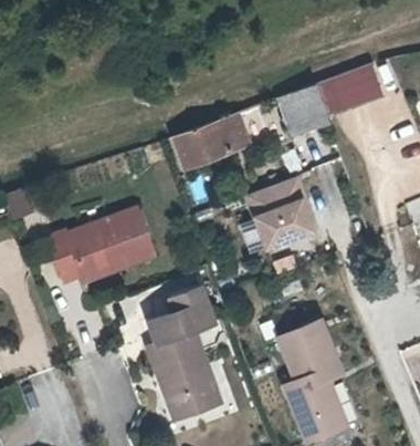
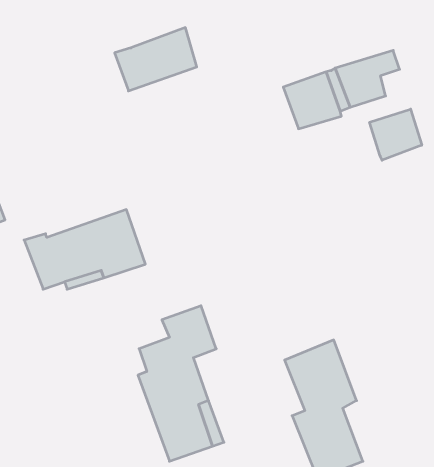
building: [174,112,245,167] -> [115,28,197,91]
building: none -> [370,109,422,160]
building: [243,177,309,248] -> none

